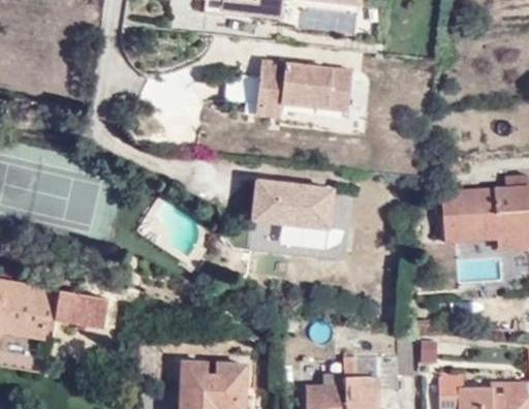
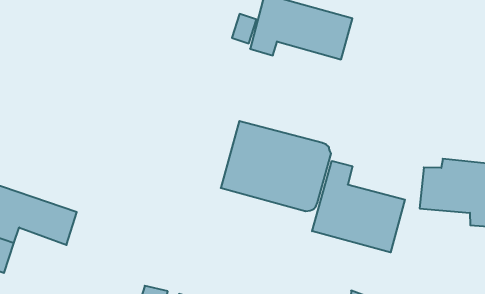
building: none -> [312,161,405,252]

